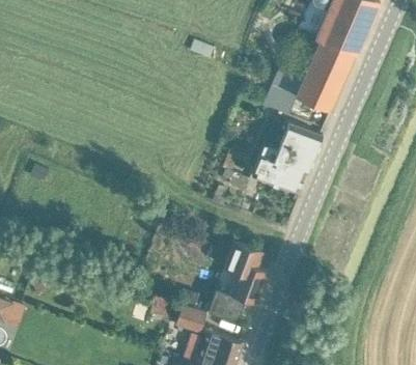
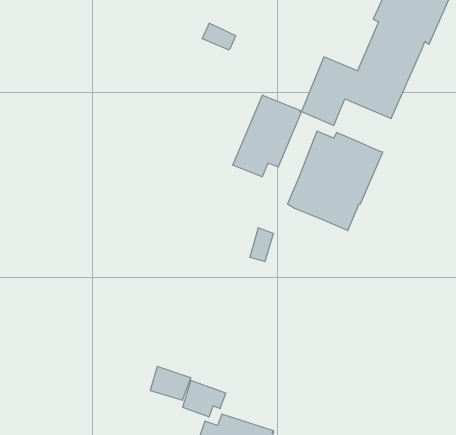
building: none -> [233,95,302,177]
building: [207,241,267,322] -> none

